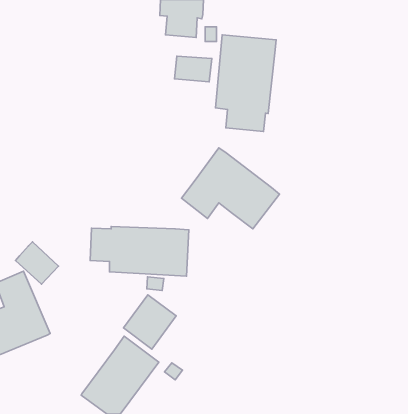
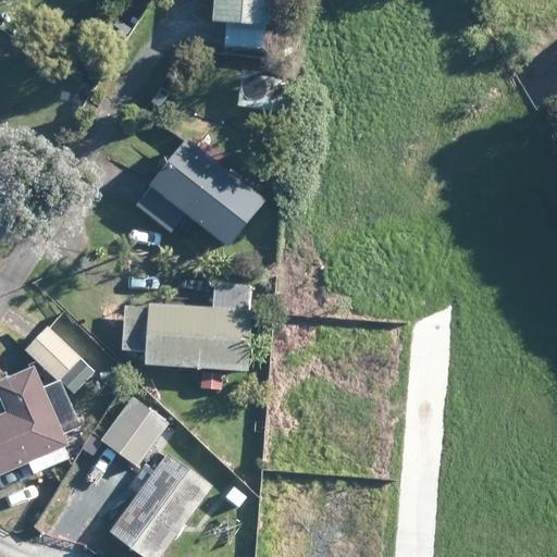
building: [215,35,276,131] -> none
building: [181,148,280,229] -> [135,137,267,246]
building: [124,295,176,349] -> [98,394,169,467]

